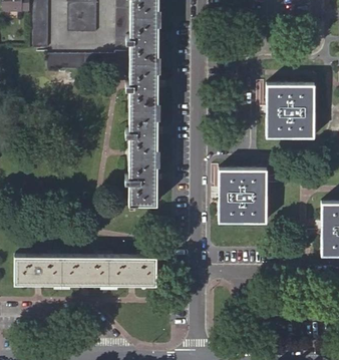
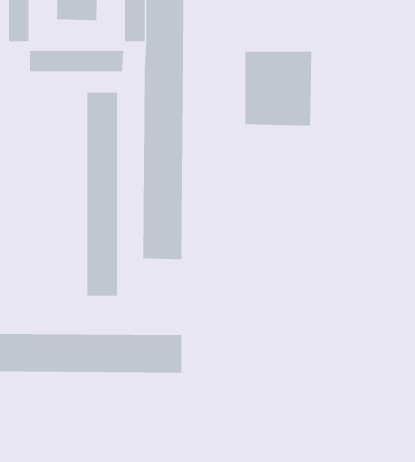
building: [267,83,315,136] -> [244,51,312,126]
building: none -> [87,92,118,296]
building: [220,167,267,221] -> none

